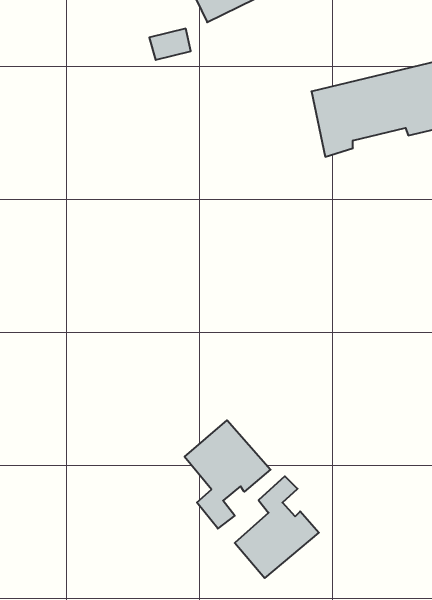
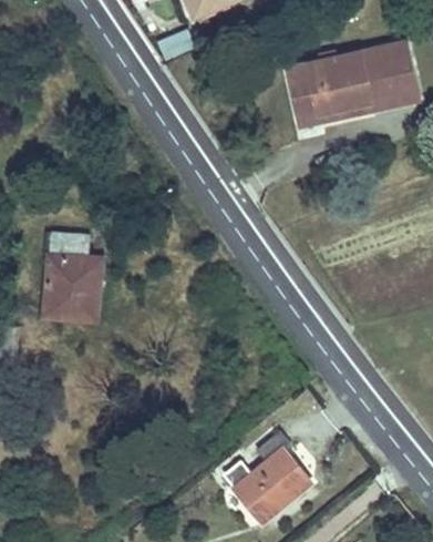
building: none -> [43,254,97,318]
building: [185,420,271,529] -> none

